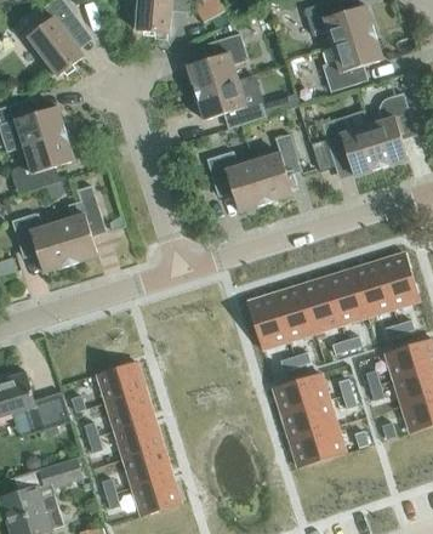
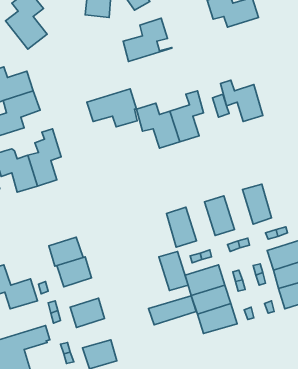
building: [321,32,382,91] -> none
building: [195,74,264,126] -> [87,89,137,127]
building: [368,92,414,166] -> none
building: [378,252,420,307] -> none
building: [326,268,366,323] -> none
building: [274,285,314,339] -> [159,252,188,290]
building: [107,390,154,430] -> [49,237,83,266]
building: none -> [149,296,196,325]
building: [124,445,171,485] -> none

